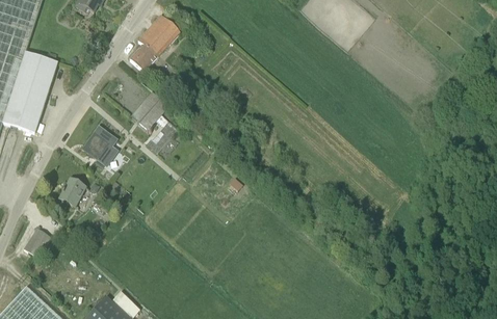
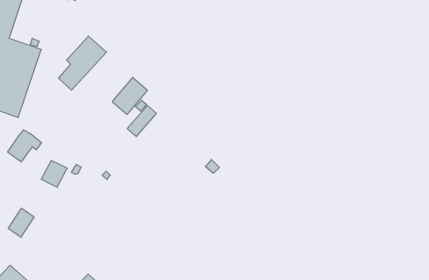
building: [130,15,180,71] -> [58,36,107,90]
building: [82,125,117,158] -> [8,130,42,162]

